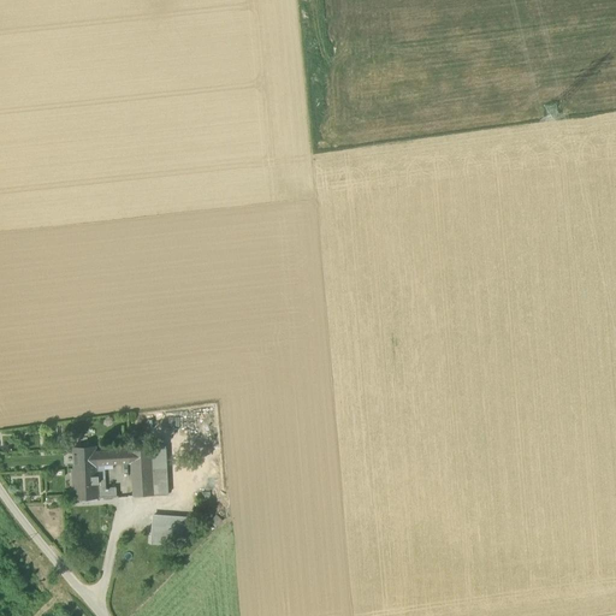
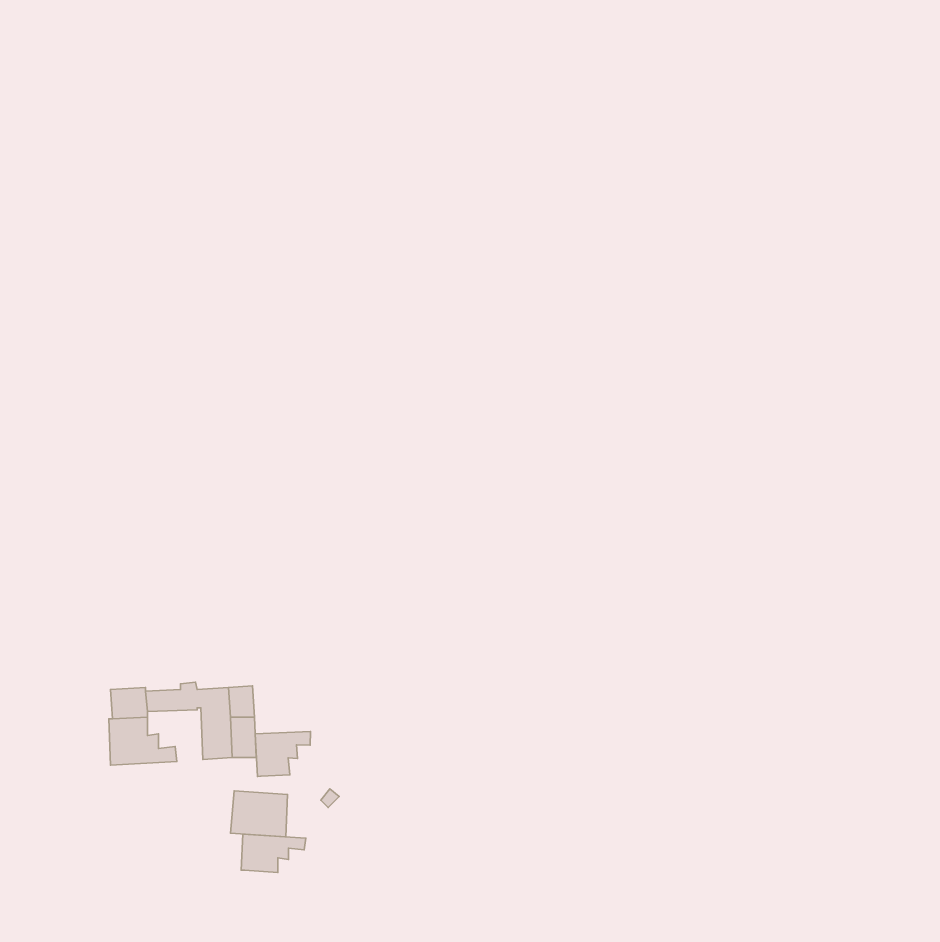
building: none -> [255,731,310,777]
building: none -> [241,834,306,872]

